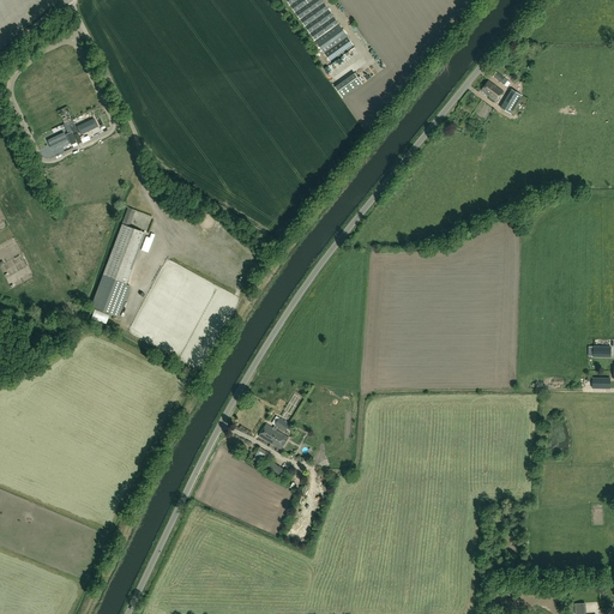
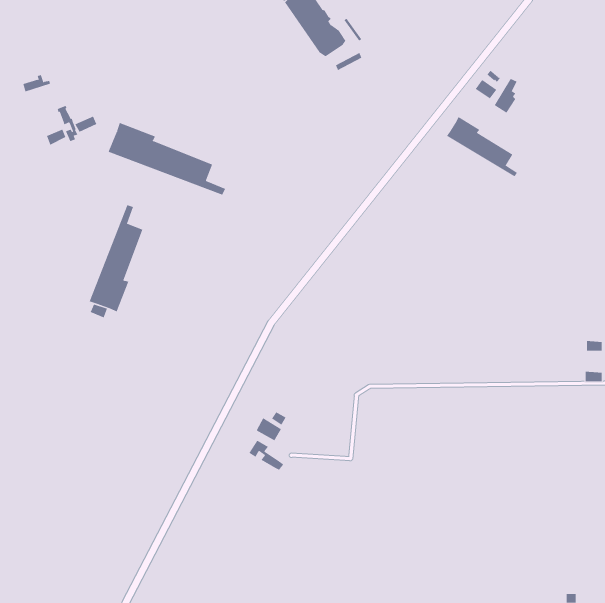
building: none -> [446,116,518,177]
building: none -> [108,122,226,196]

